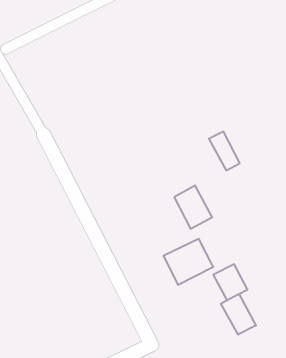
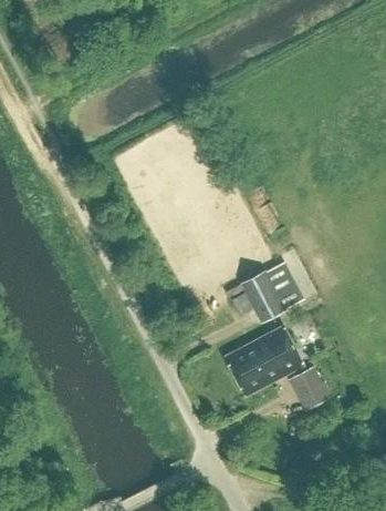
building: [209,132,240,170] -> [267,260,304,308]
building: [221,294,256,335] -> none

